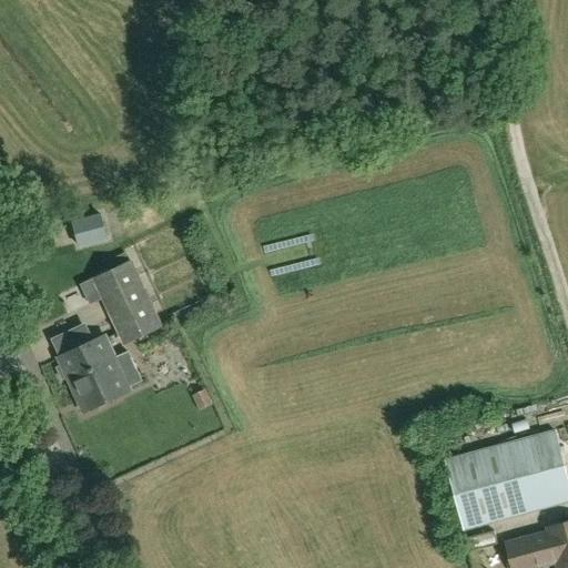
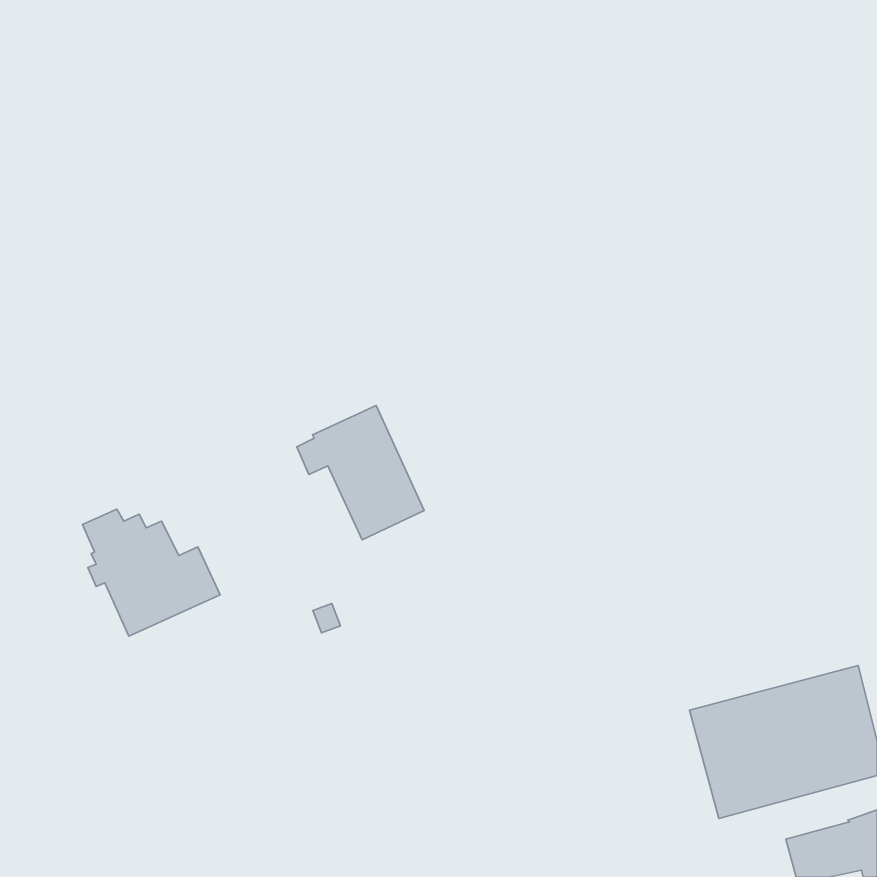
building: [72,214,106,246] -> none
building: [81,258,163,345] -> [297,406,424,540]

